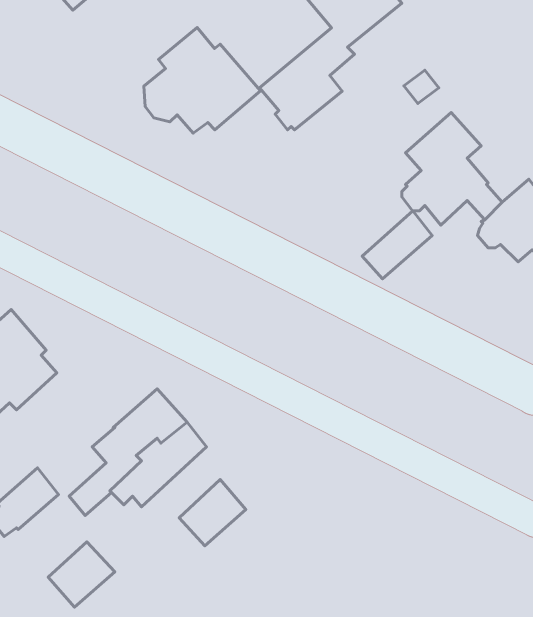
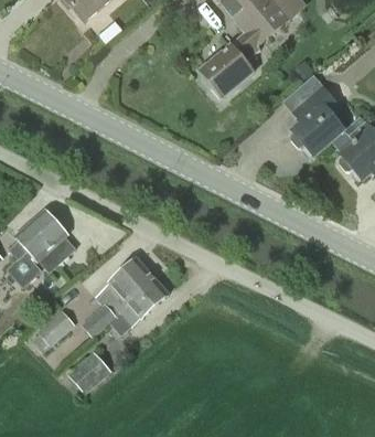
building: [144,28,260,133] -> none
building: [362,211,432,279] -> none
building: [179,480,246,546] -> none

